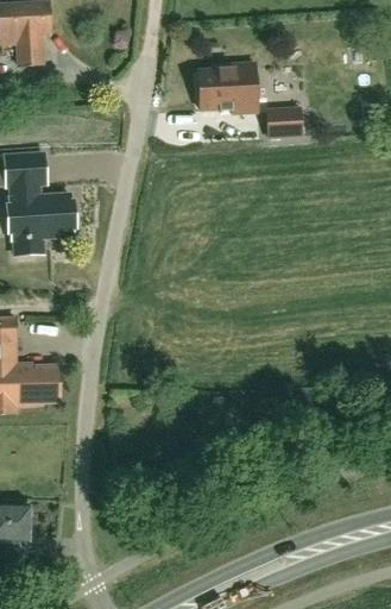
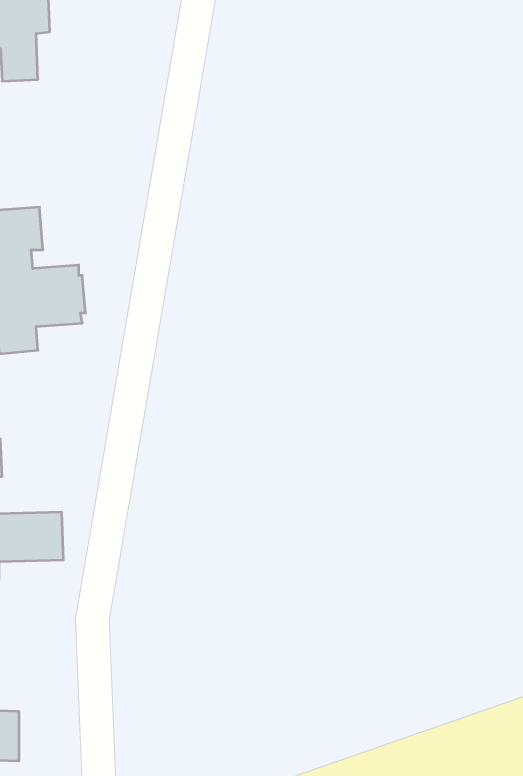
building: [198,62,258,113] -> none
building: [266,106,303,139] -> none

